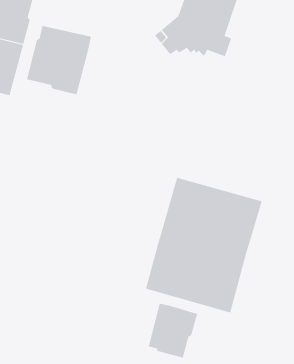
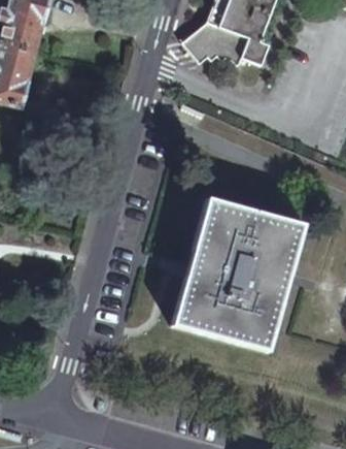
building: [27,25,92,95] -> none
building: [148,303,198,359] -> none

